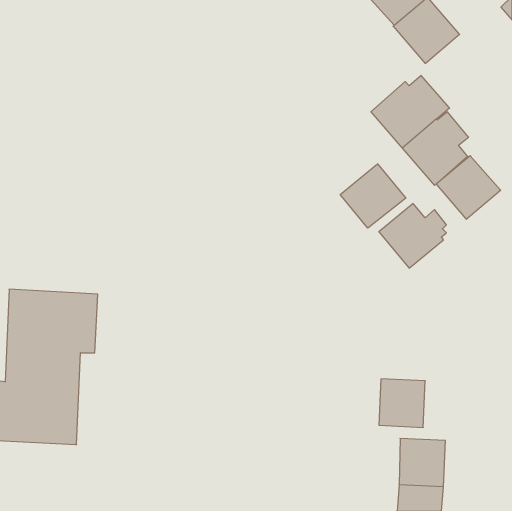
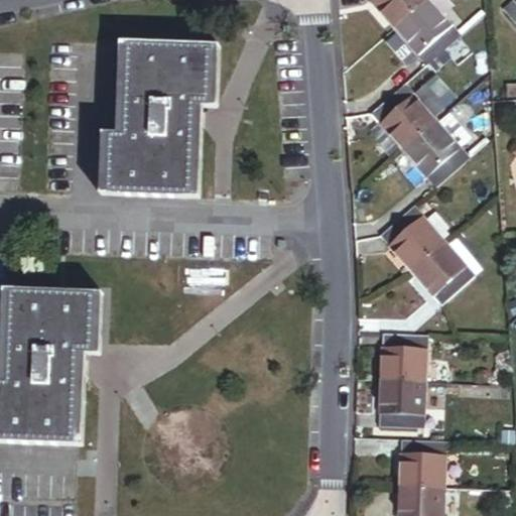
building: none -> [107,42,215,199]
building: [436,156,501,219] -> [409,240,474,303]
building: [340,164,406,228] -> none
building: none -> [381,332,427,381]

